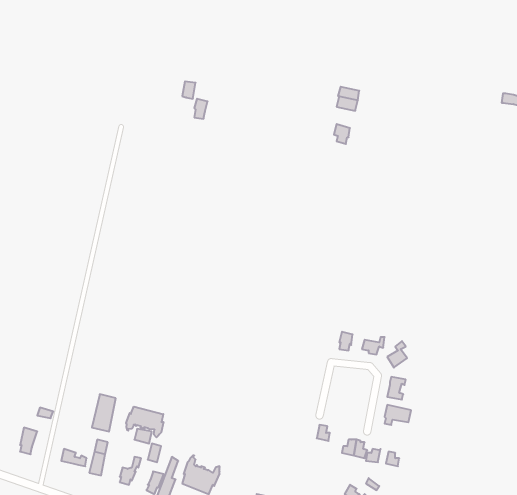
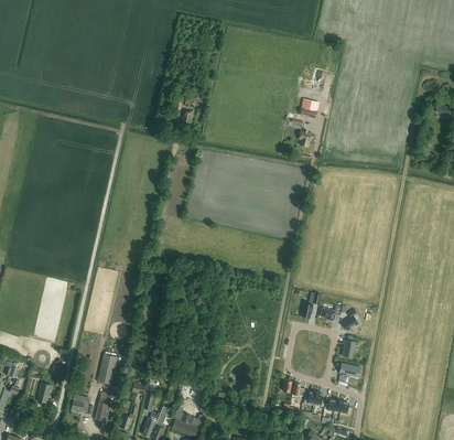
building: [126,407,163,437] -> none

